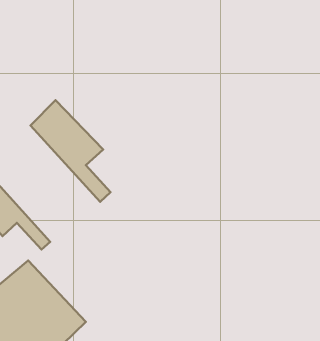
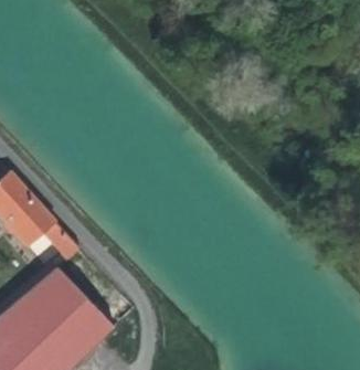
building: [31,100,110,202] -> none

